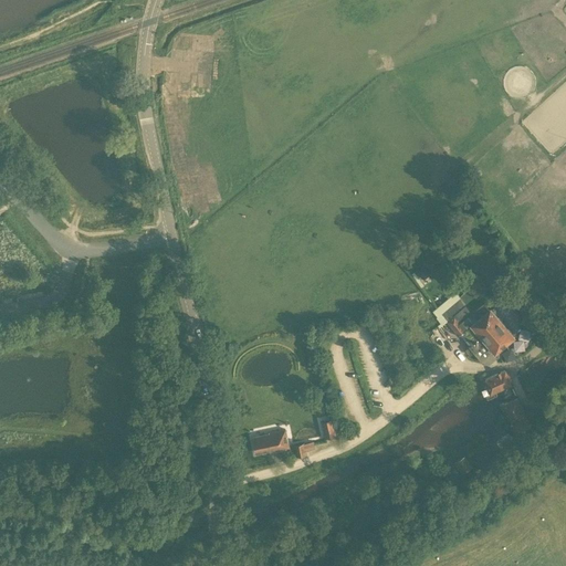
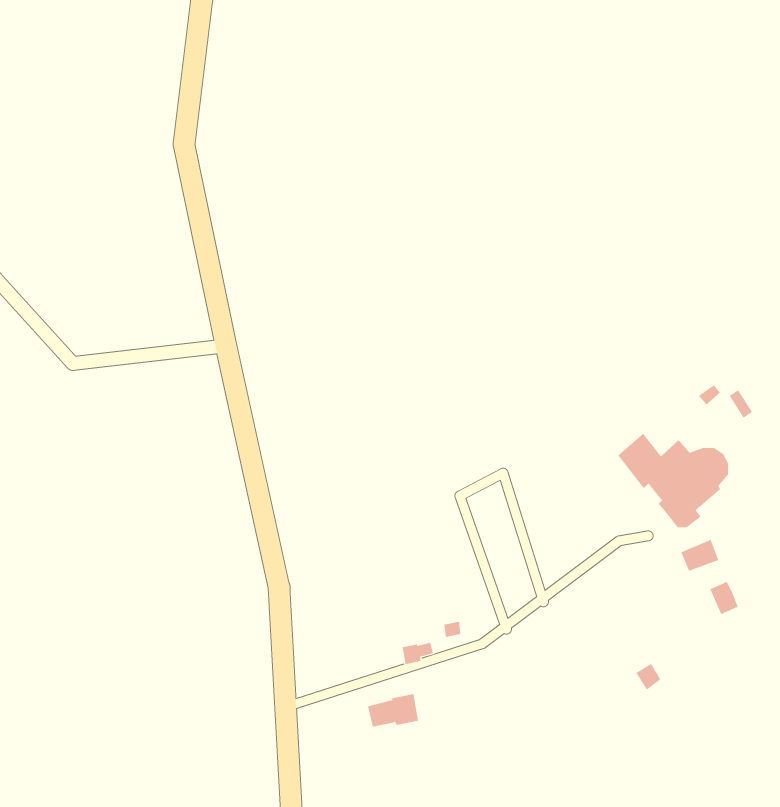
building: [252,430,287,453] -> [367,693,419,727]

